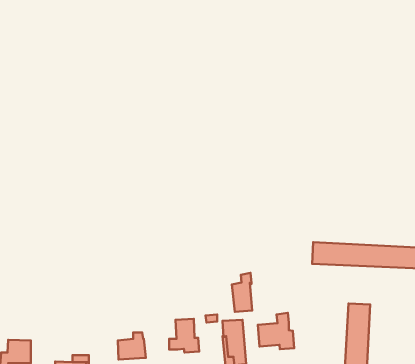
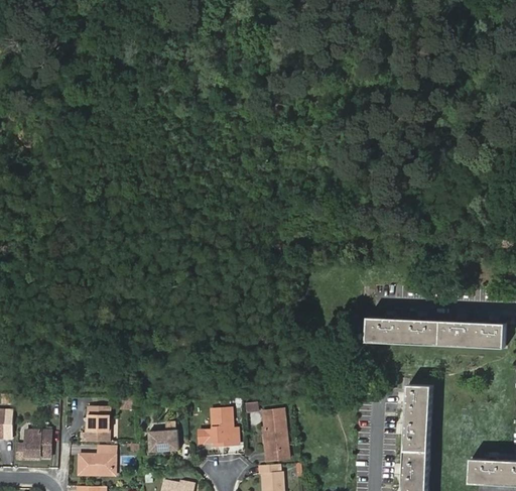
building: [232,273,252,312] -> none
building: [258,313,294,349] -> none
building: none -> [87,403,108,440]

